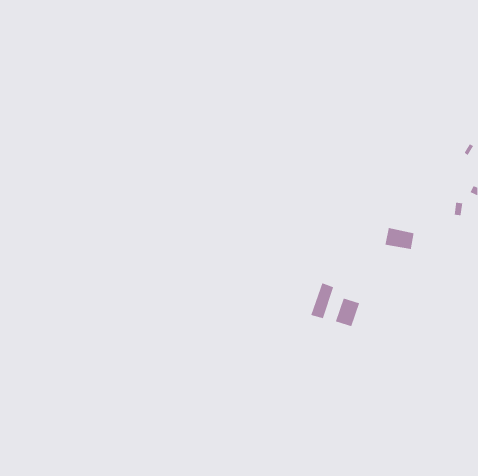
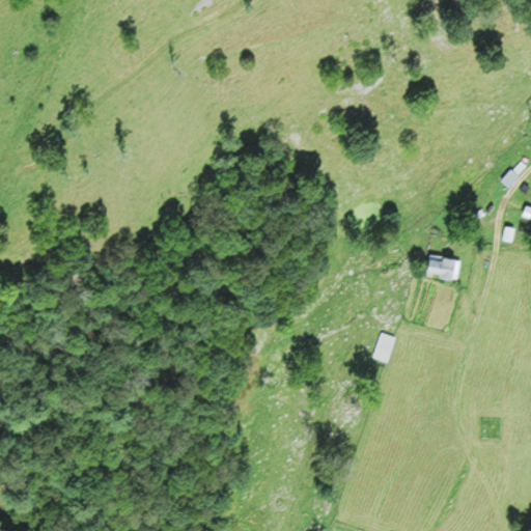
building: [310,282,334,319] -> none

